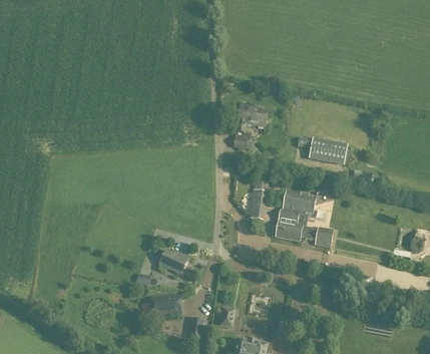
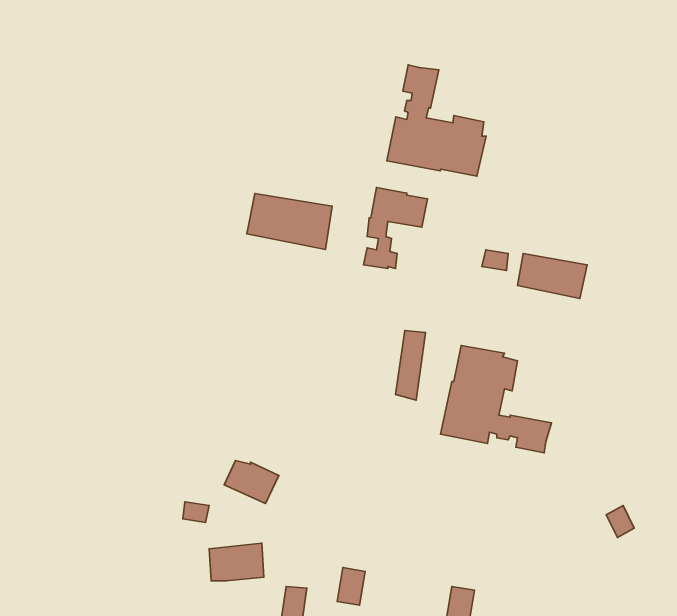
building: none -> [387,65,486,176]
building: none -> [247,194,332,250]

